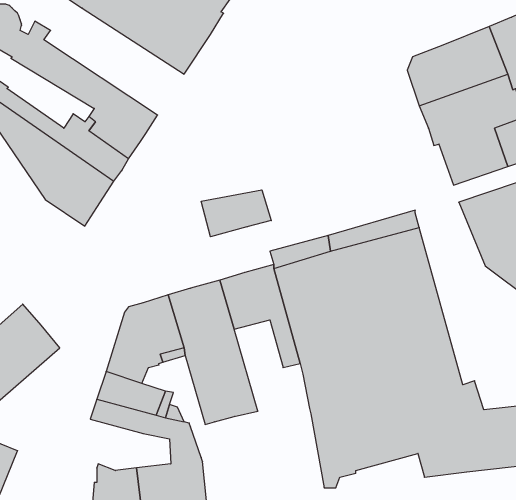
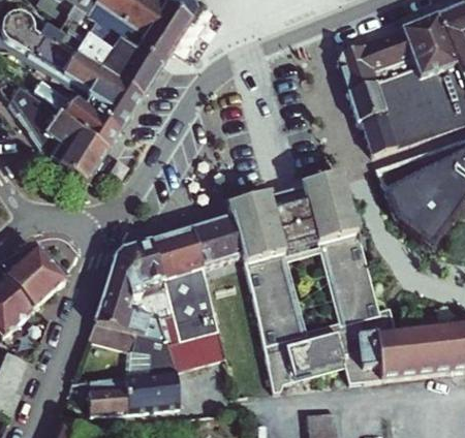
building: none -> [52,15,161,99]
building: [201,190,271,237] -> none
building: none -> [166,331,225,370]

